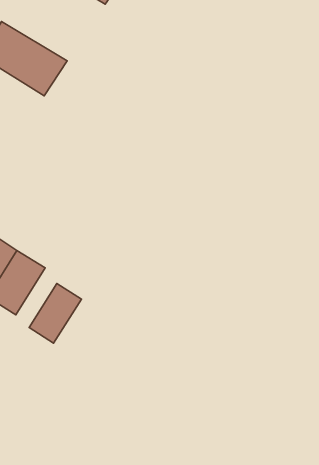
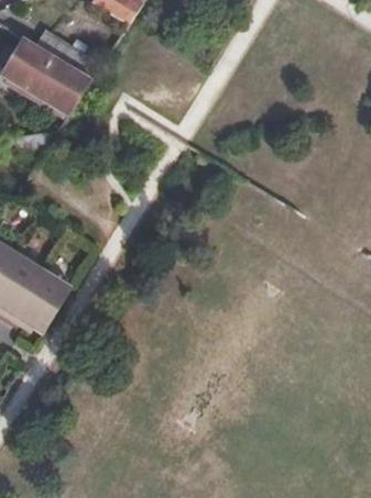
building: [29,283,81,343] -> none

